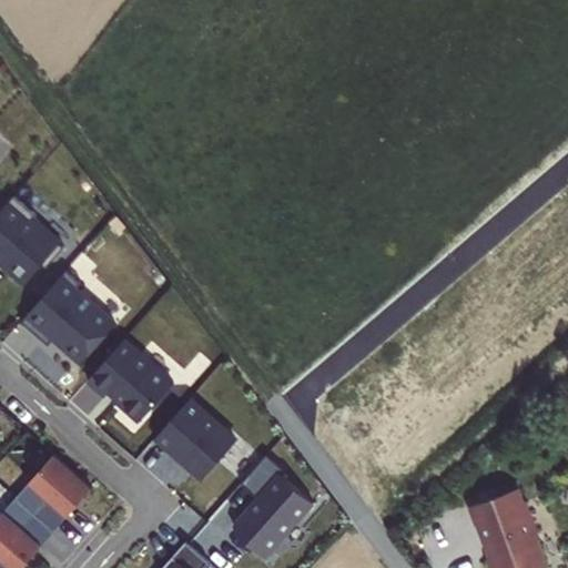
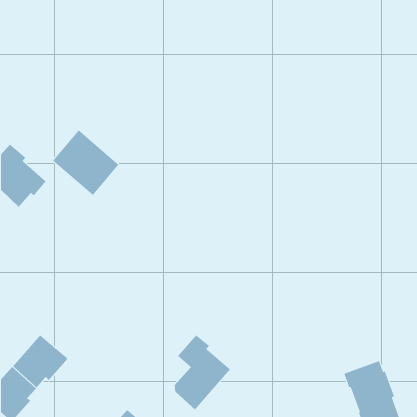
building: [26,277,116,367] -> [52,130,119,196]
building: [88,341,173,423] -> none
building: [154,400,236,478] -> none

